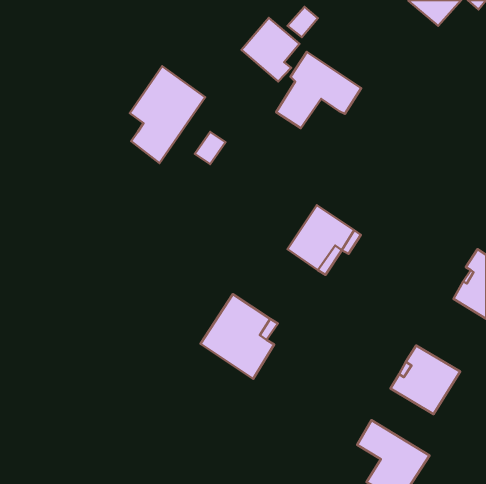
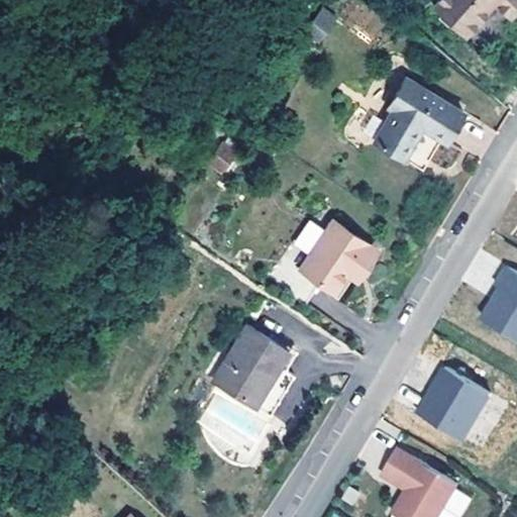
building: [241,18,300,81] -> none
building: [276,52,361,128] -> [377,76,467,157]
building: [130,66,205,163] -> none

